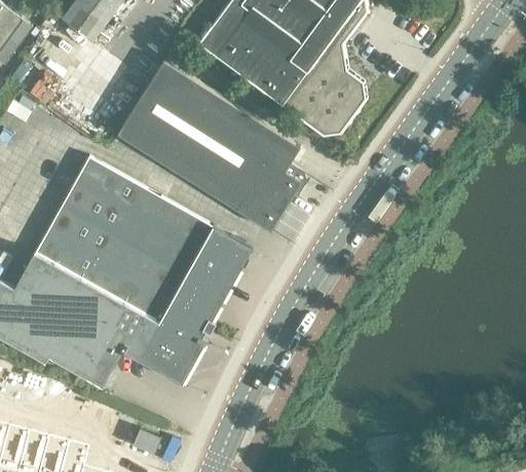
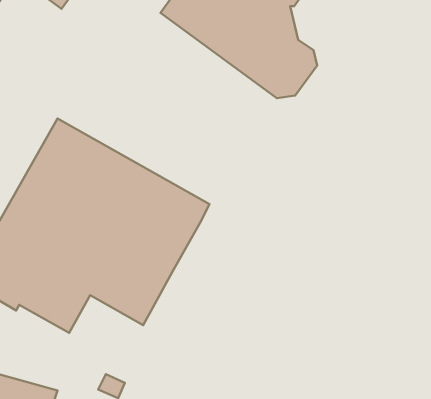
building: [115,61,300,231] -> none

